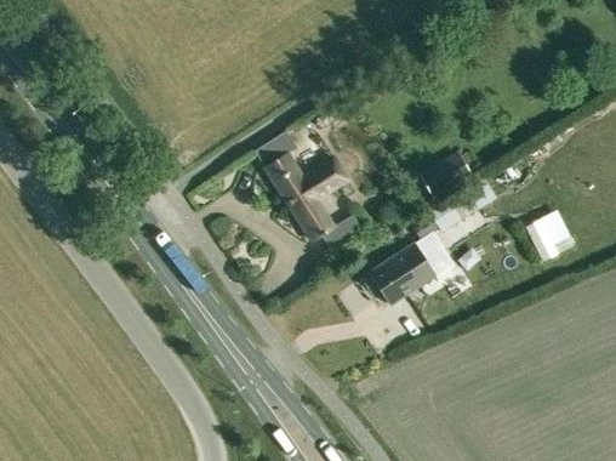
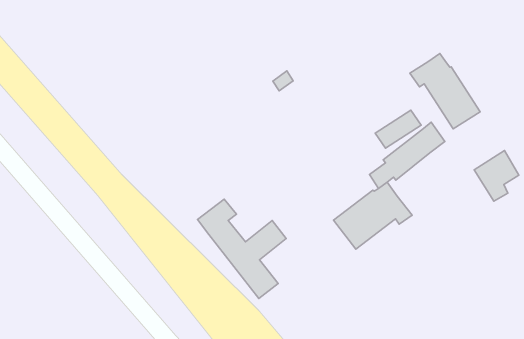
building: none -> [410,53,480,129]
building: [255,132,348,241] -> [197,199,286,298]

